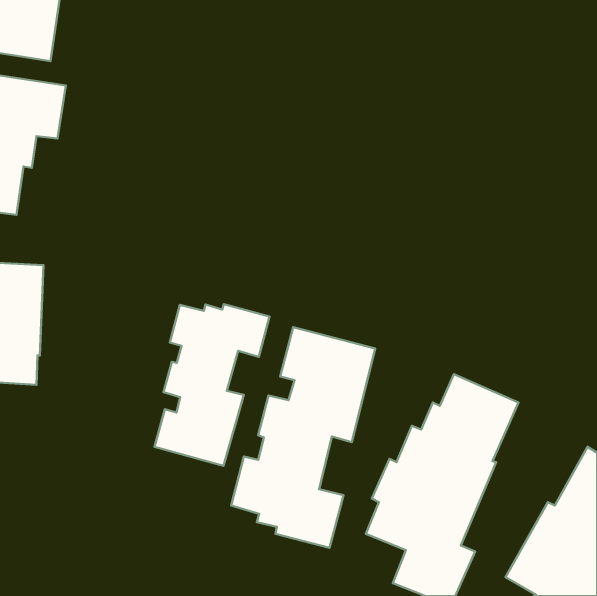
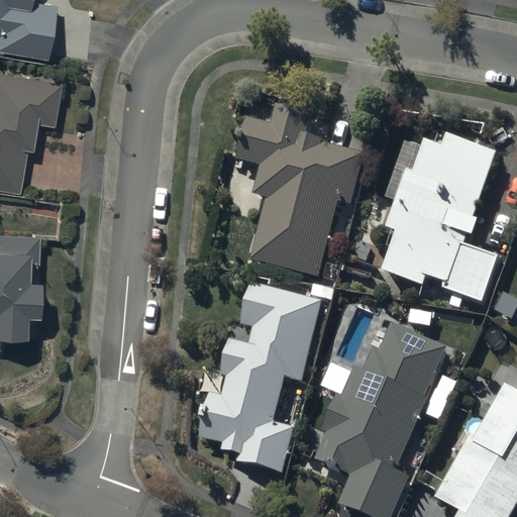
building: none -> [236,105,365,278]
building: none -> [382,134,497,307]
building: [155,304,269,466] -> none

